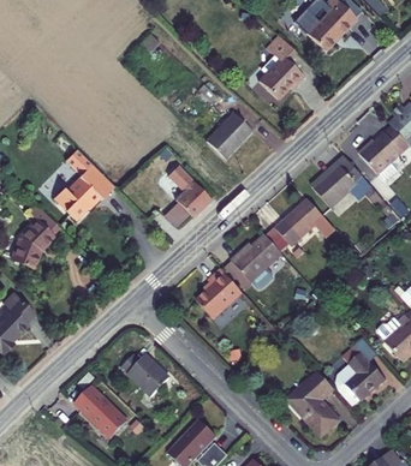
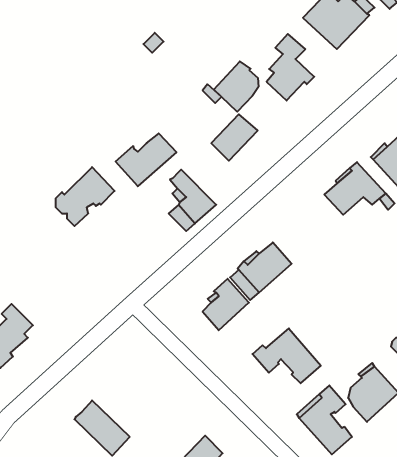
building: none -> [214,61,258,112]
building: none -> [116,133,176,186]
building: [275,199,323,245] -> none
building: [10,204,59,267] -> none
building: none -> [252,328,321,383]
building: [121,354,169,396] -> none

